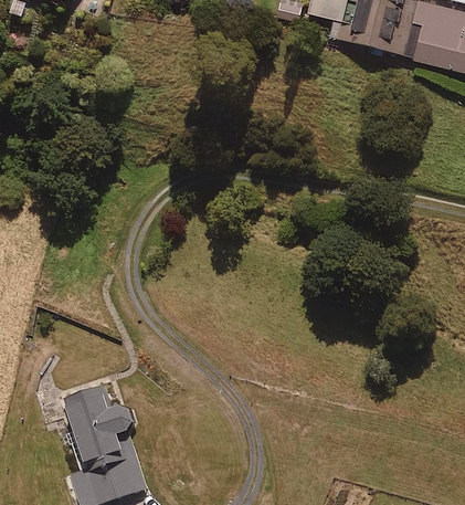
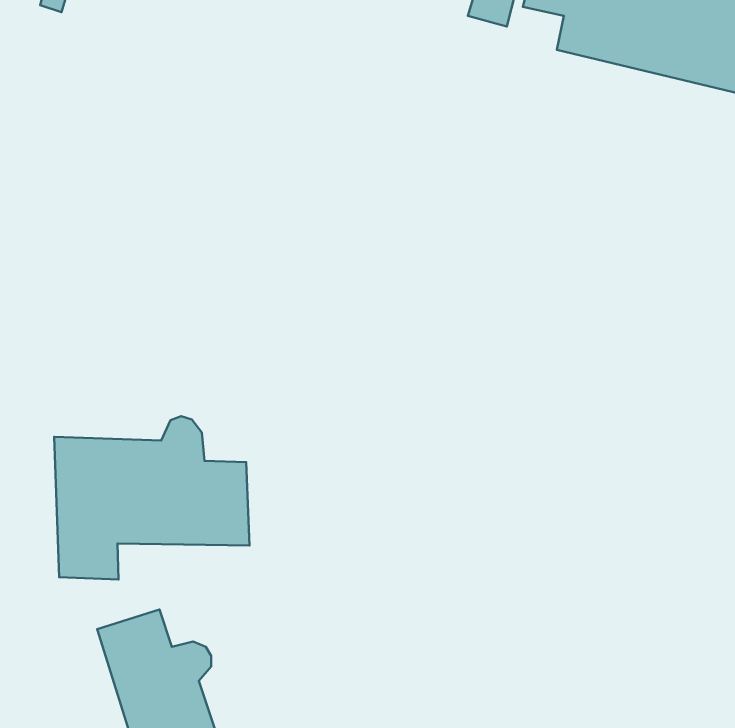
building: none -> [54,416,250,579]

